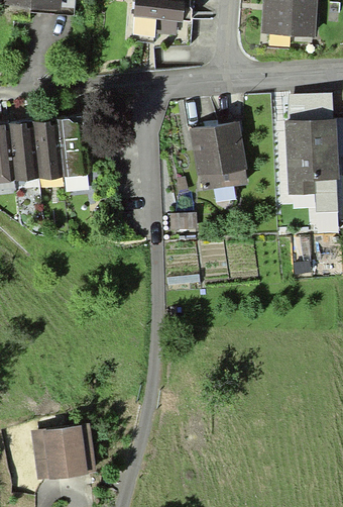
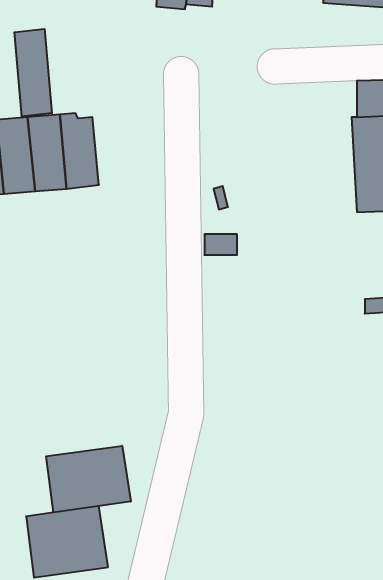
building: none -> [14,29,52,117]
building: [190,120,247,190] -> none
building: none -> [46,446,131,512]

